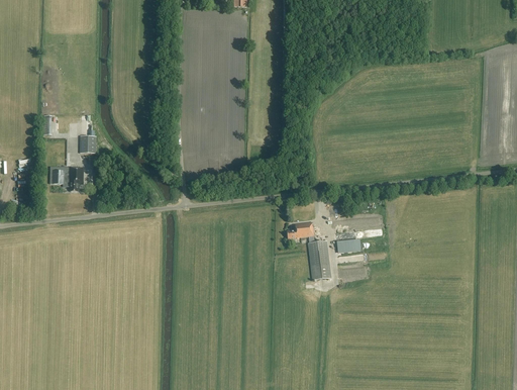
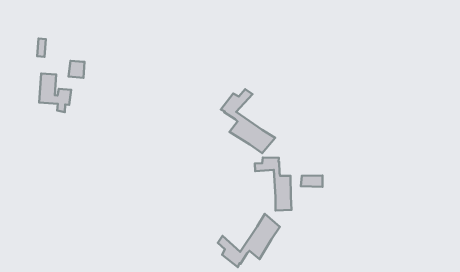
building: none -> [221,89,275,153]
building: none -> [218,214,280,267]

